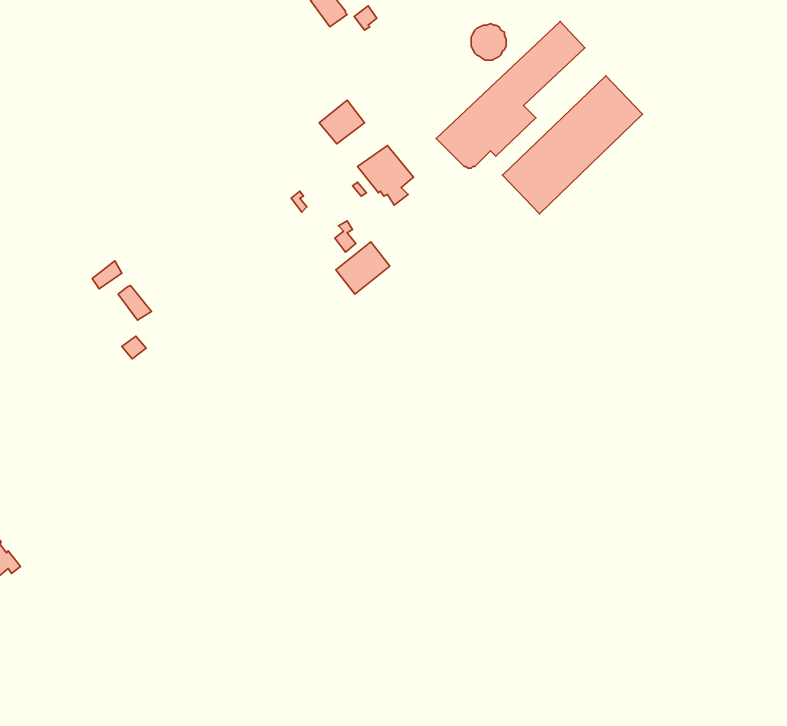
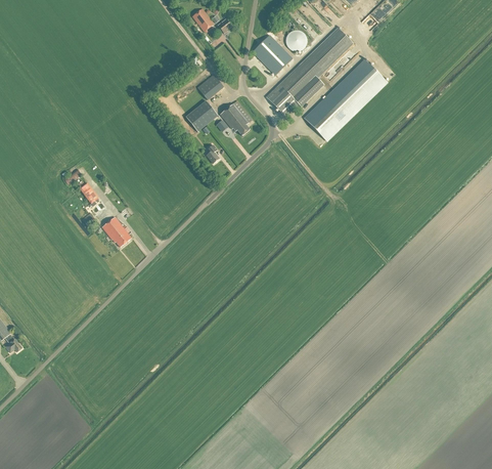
building: none -> [252,34,292,75]
building: [336,242,390,294] -> [185,100,217,131]
building: none -> [101,216,131,247]

